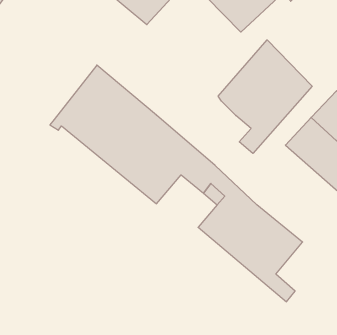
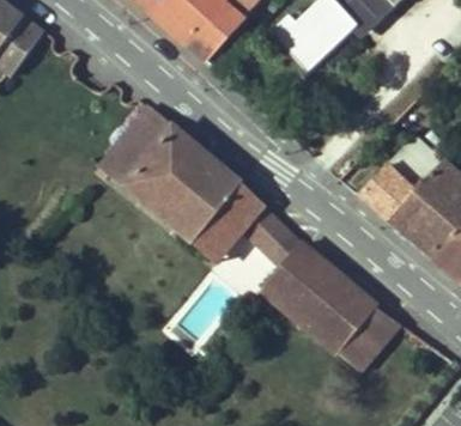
building: [218,40,312,153] -> none
building: none -> [350,304,404,359]

